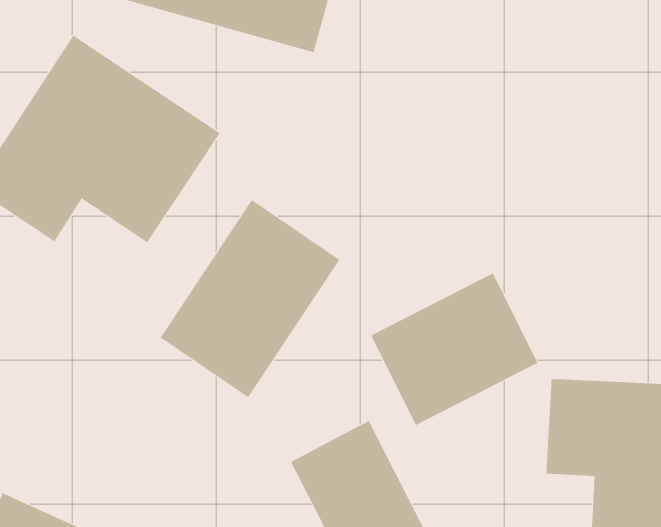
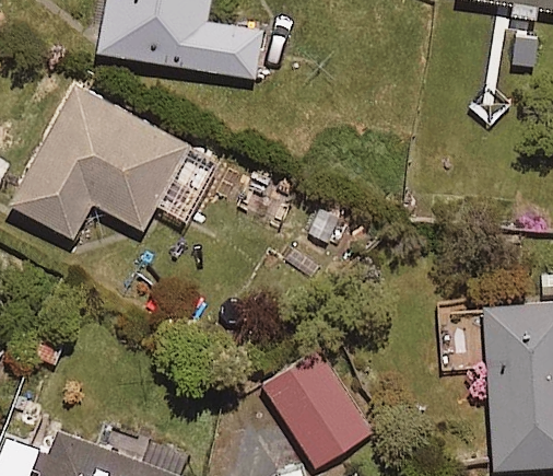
building: [160,199,340,398] -> none
building: [371,273,538,426] -> none

